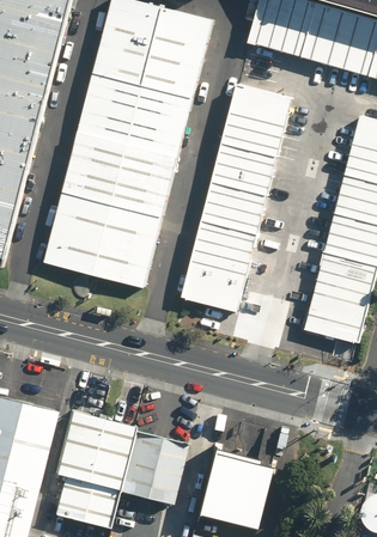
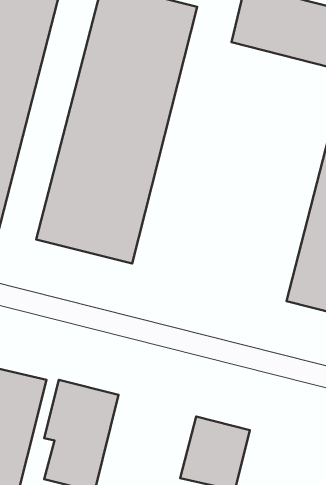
building: [181,83,291,312] -> none
building: [116,432,186,504] -> none

